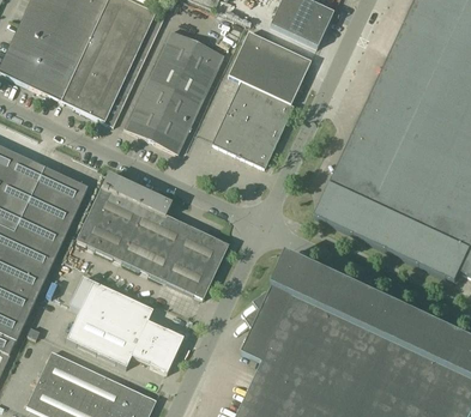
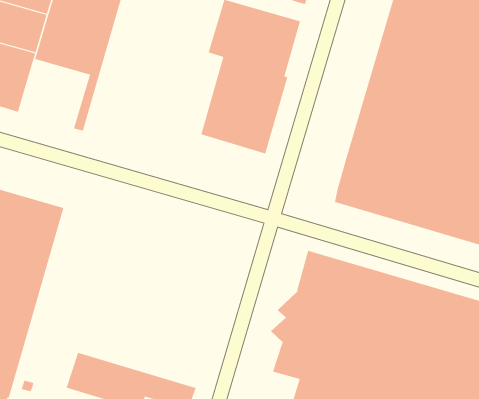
building: [122,30,223,152] -> none
building: [60,56,125,120] -> none
building: [77,174,227,298] -> none
building: [68,276,183,355] -> none

